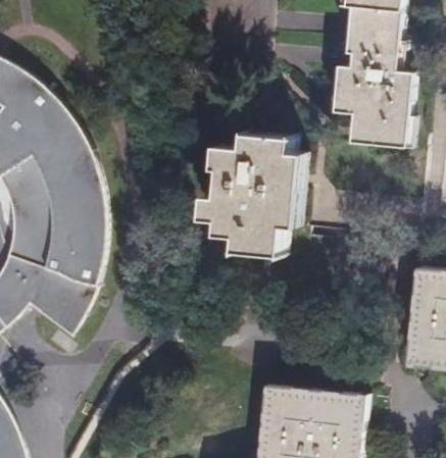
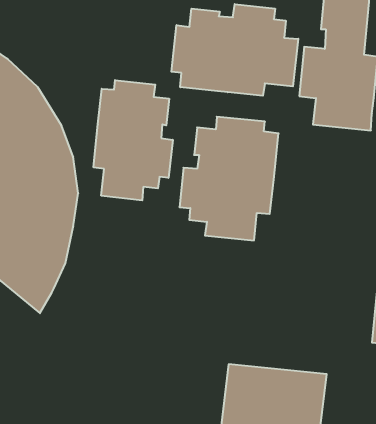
building: none -> [171,4,298,96]
building: none -> [94,80,173,200]

